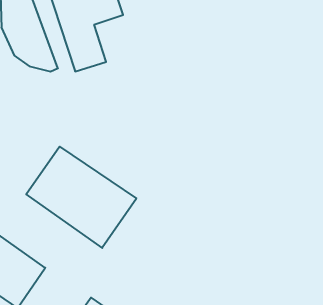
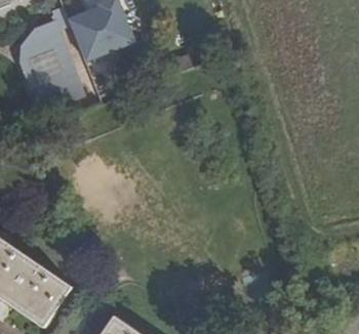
building: [26,147,136,248] -> none

